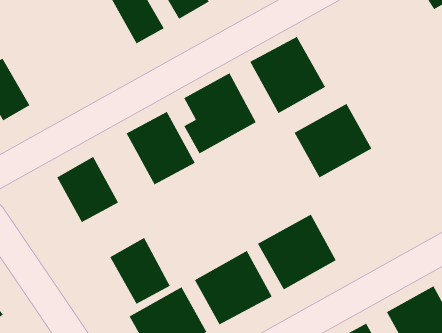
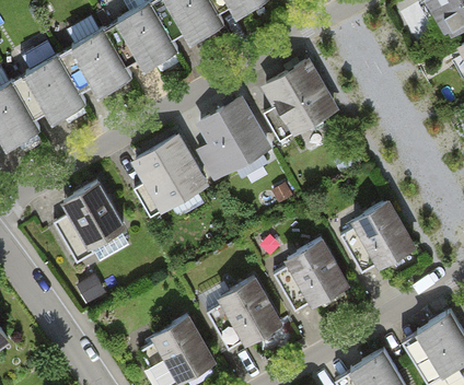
building: none -> [72,27,129,93]
building: none -> [27,54,84,119]
building: [294,103,373,179] -> [336,203,417,281]
building: [109,237,171,305] -> none

